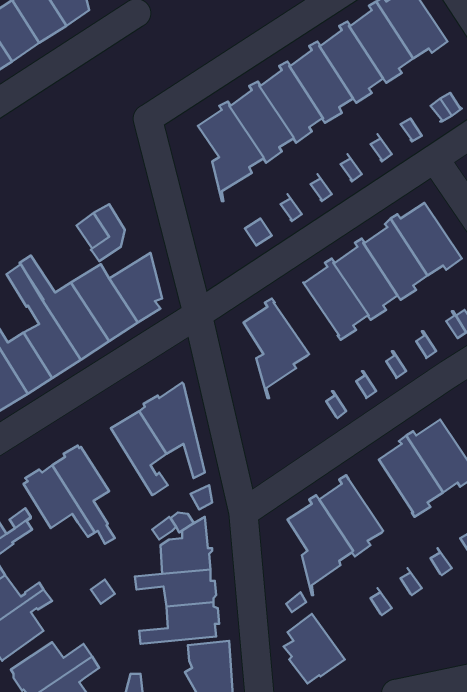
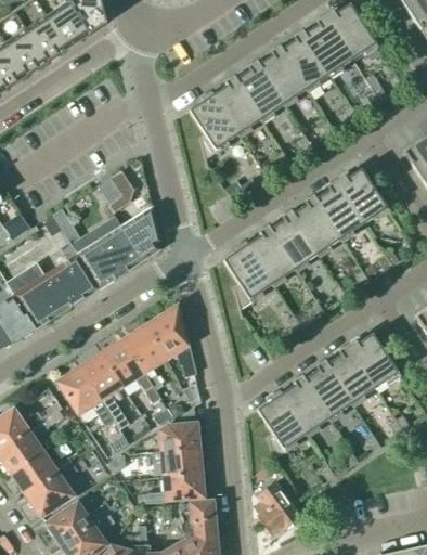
building: none -> [246,225,296,287]
building: none -> [100,339,161,403]
building: none -> [303,360,352,422]

